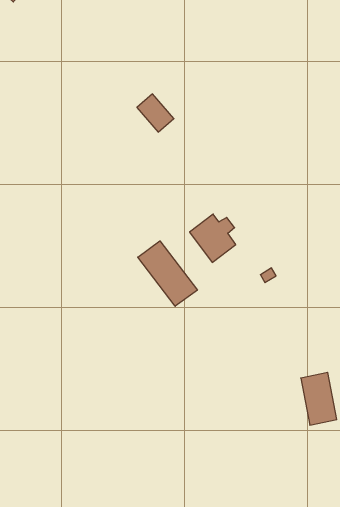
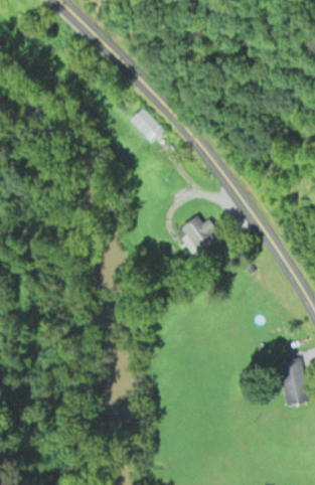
building: [138,241,197,306] -> none

